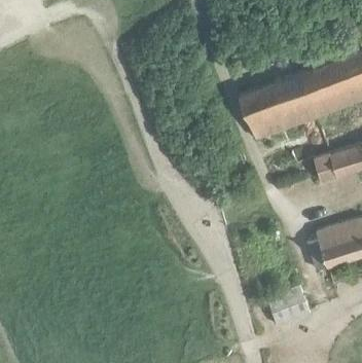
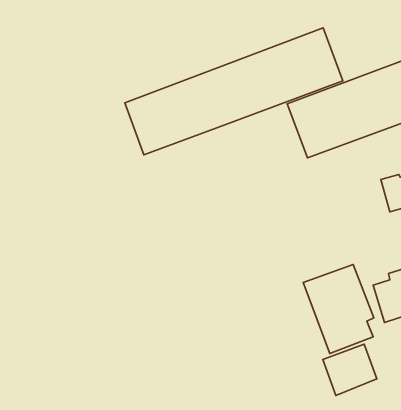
building: none -> [125,28,343,155]
building: none -> [303,264,374,353]

